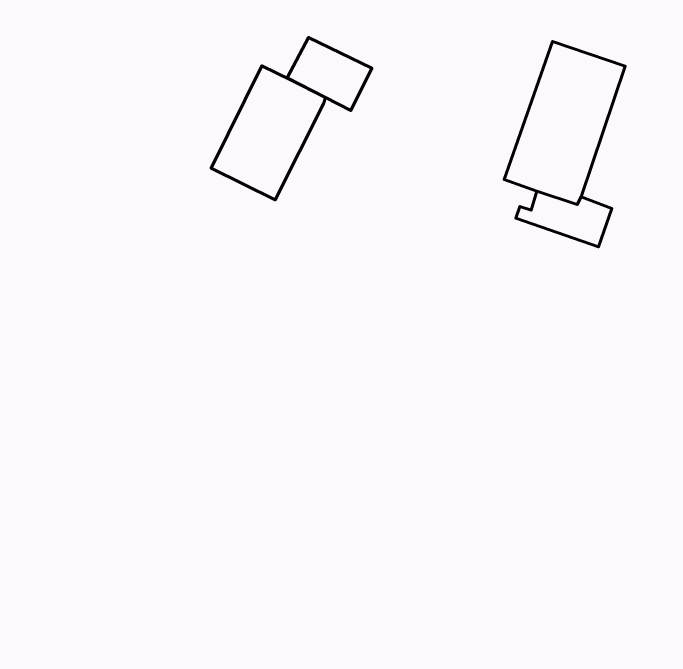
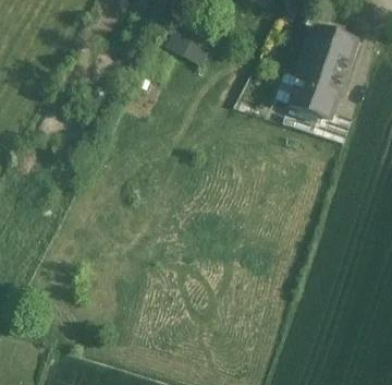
building: [211,66,326,200] -> none

